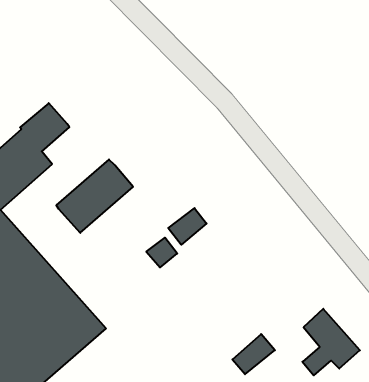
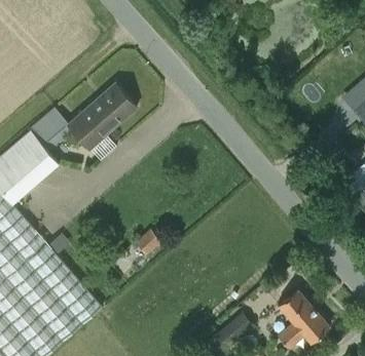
building: [56,159,133,233] -> [68,83,137,149]
building: [168,208,207,245] -> none

